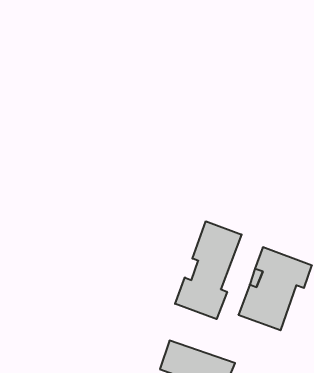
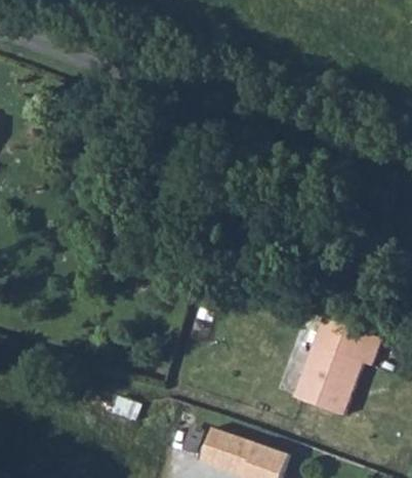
building: [175,221,242,319] -> none

